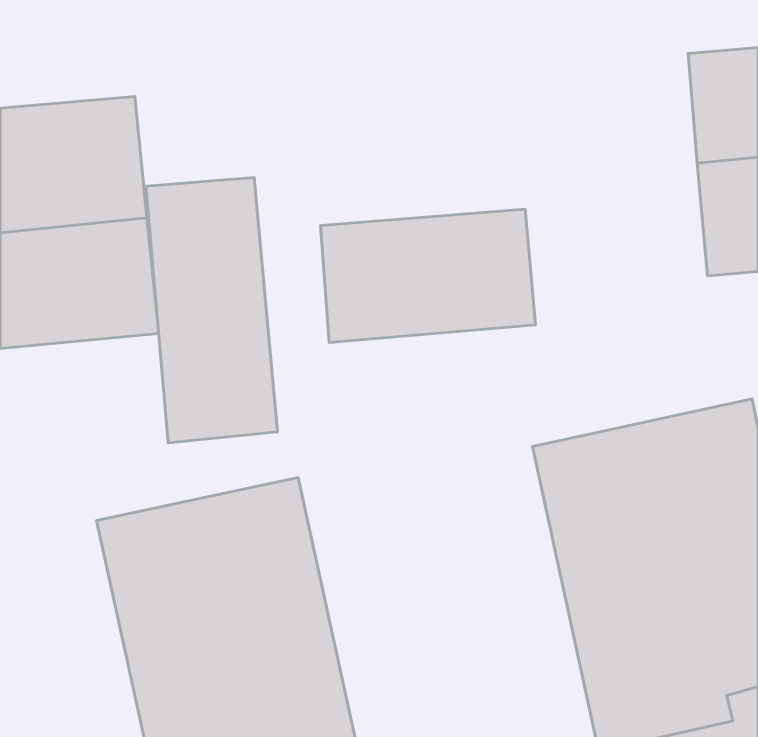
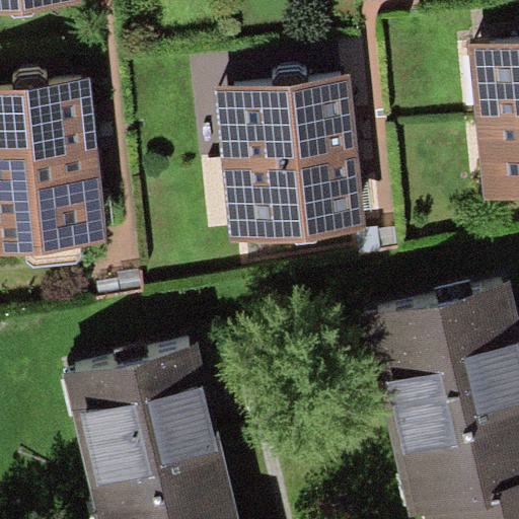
building: none -> [212,75,359,168]
building: [146,177,278,443] -> none

